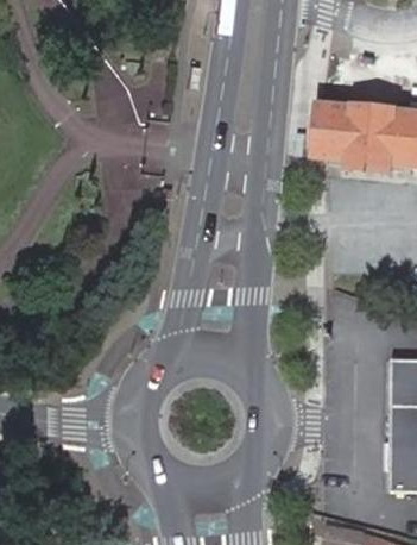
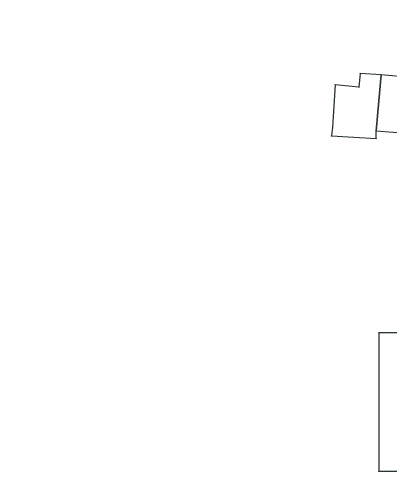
building: [318,108,375,163] -> none

